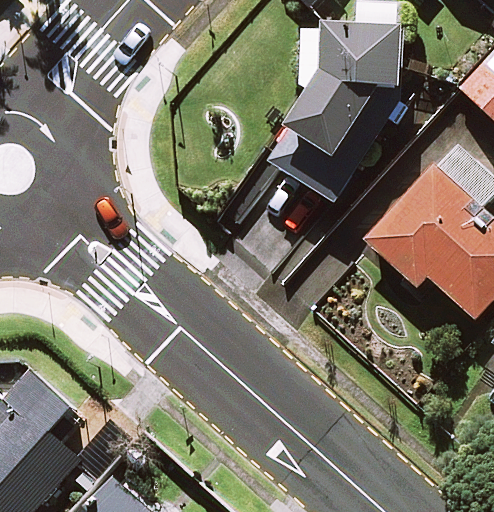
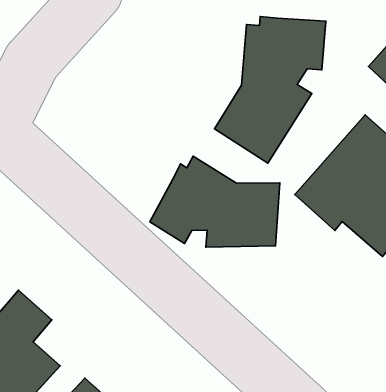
building: none -> [150,156,280,247]

